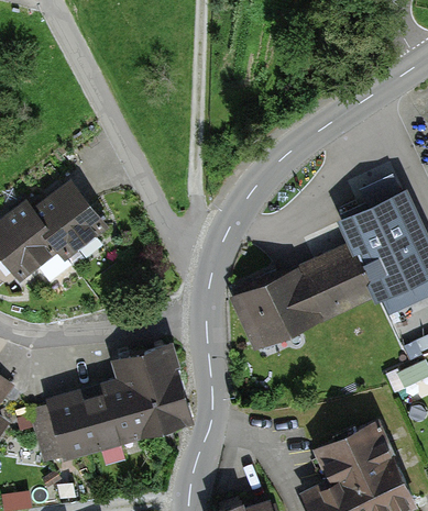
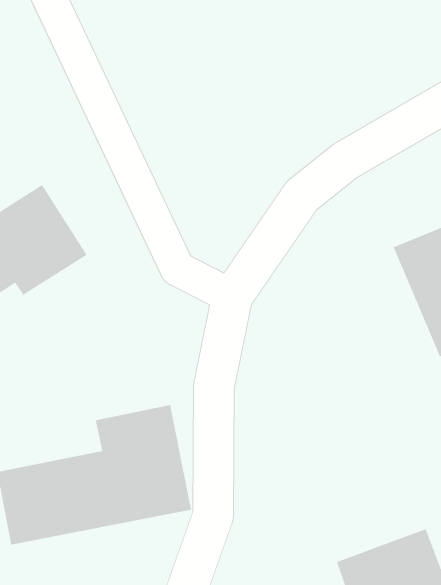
building: [230,243,371,347] -> none

